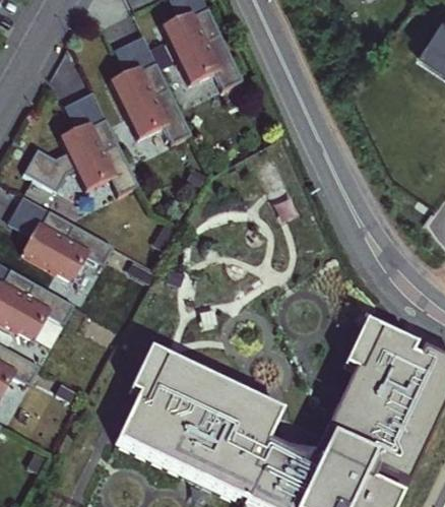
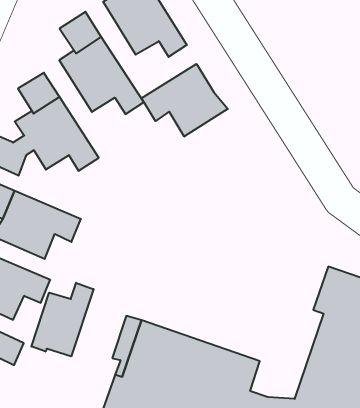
building: none -> [142,64,228,137]
building: none -> [31,283,94,356]

